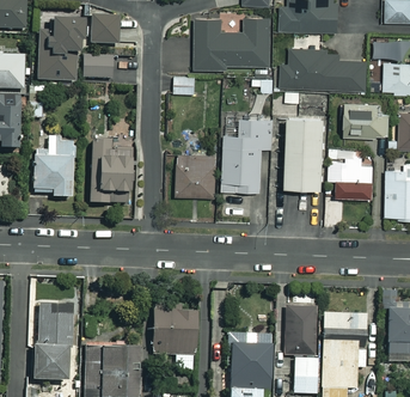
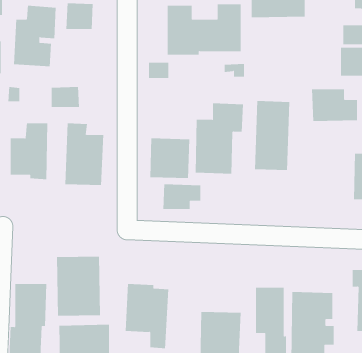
building: [281,49,367,90] -> none
building: [84,56,114,78] -> [51,86,80,107]
building: [333,157,373,197] -> none
building: none -> [163,184,201,210]
building: none -> [57,256,100,316]

